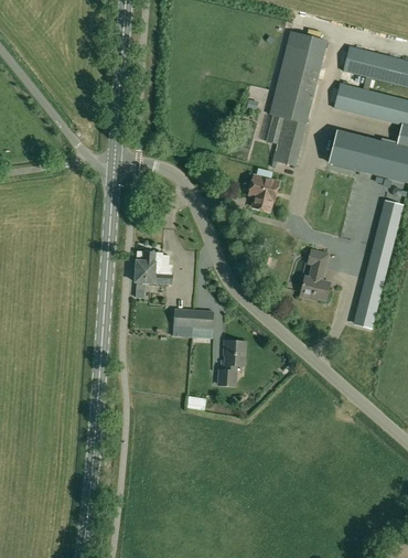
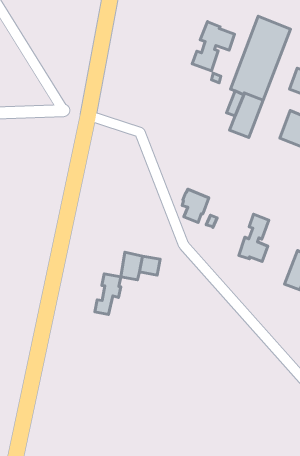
building: none -> [192,21,235,71]
building: [249,175,278,211] -> [182,189,209,223]
building: [135,251,172,285] -> none
building: [219,341,245,385] -> [95,274,121,314]

